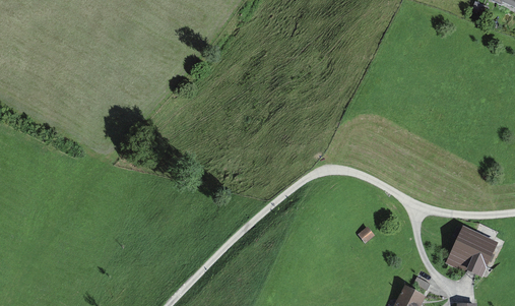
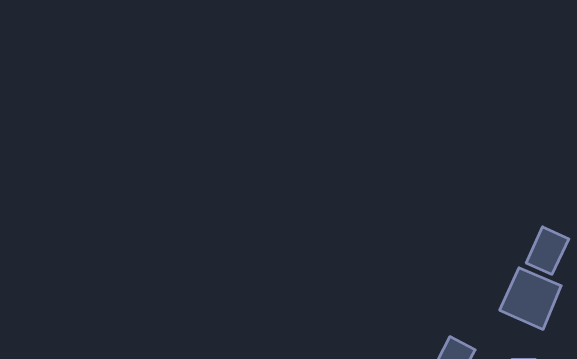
building: none -> [526,227,569,274]

